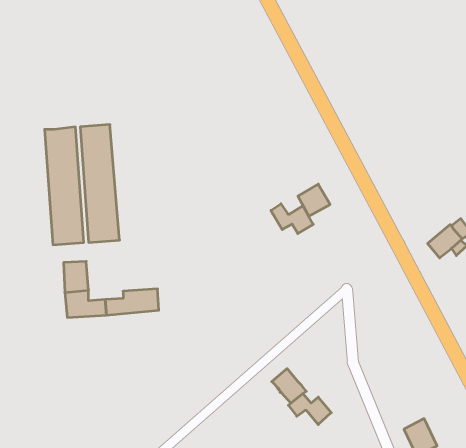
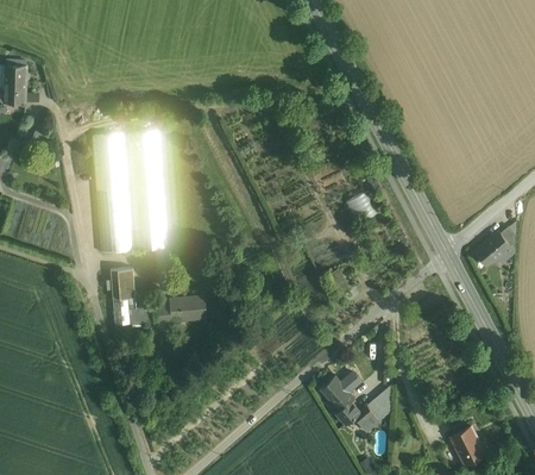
building: [271,204,313,234] -> none
building: none -> [366,383,392,419]

